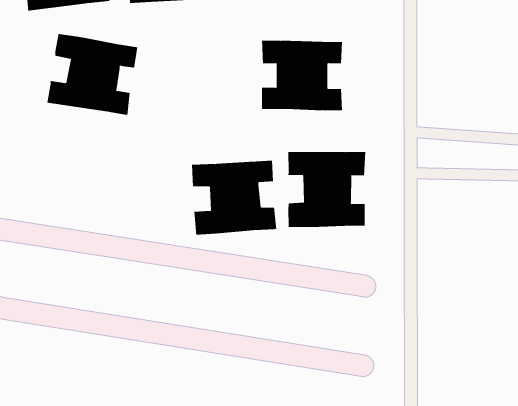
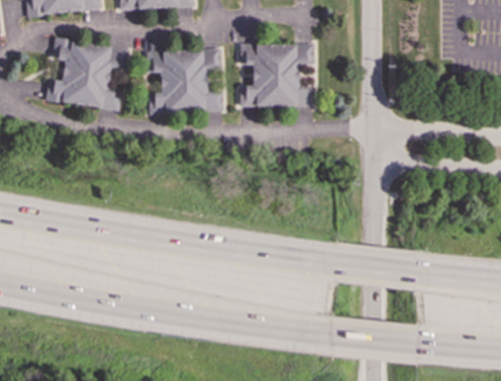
building: [288,151,366,228] -> none
building: [191,160,277,235] -> [143,49,221,116]

